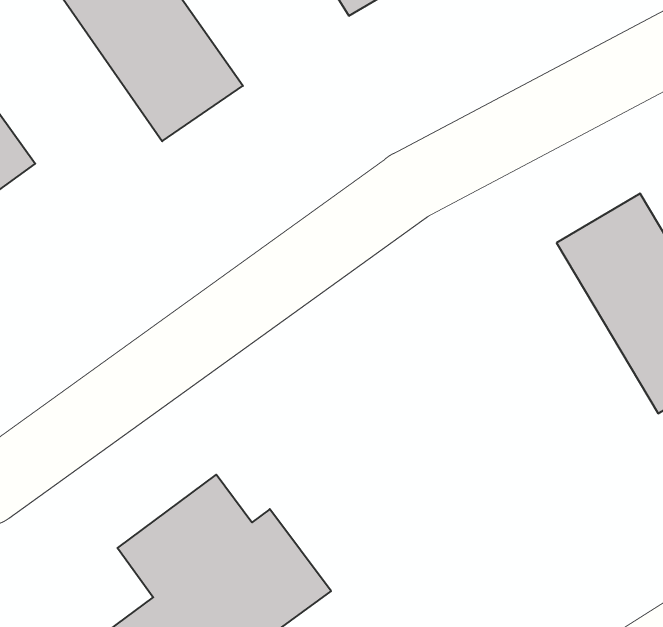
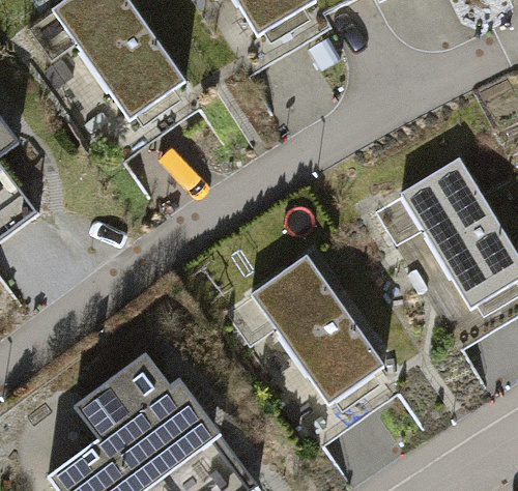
building: none -> [252,257,381,406]

